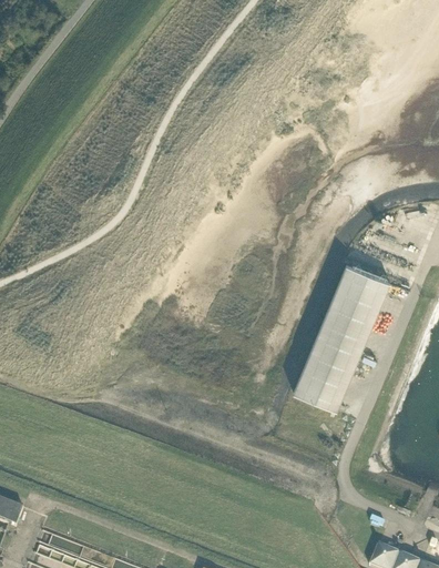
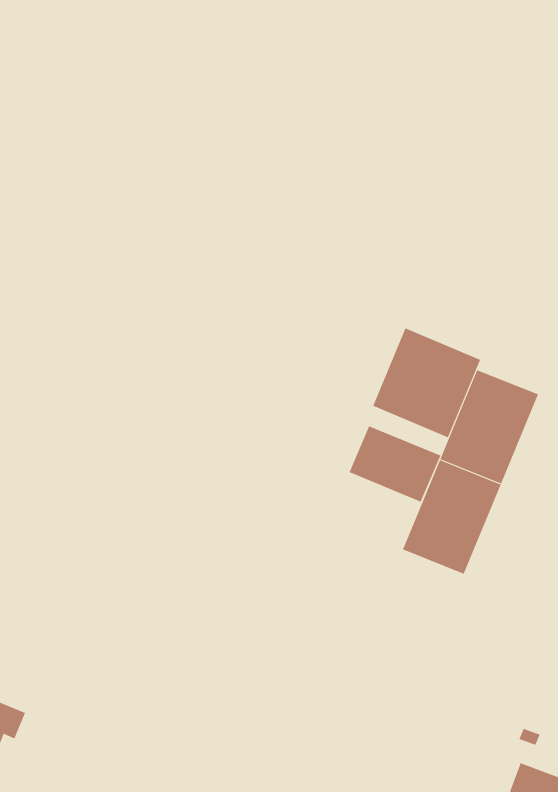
building: none -> [373,328,481,438]
building: none -> [349,425,441,502]

